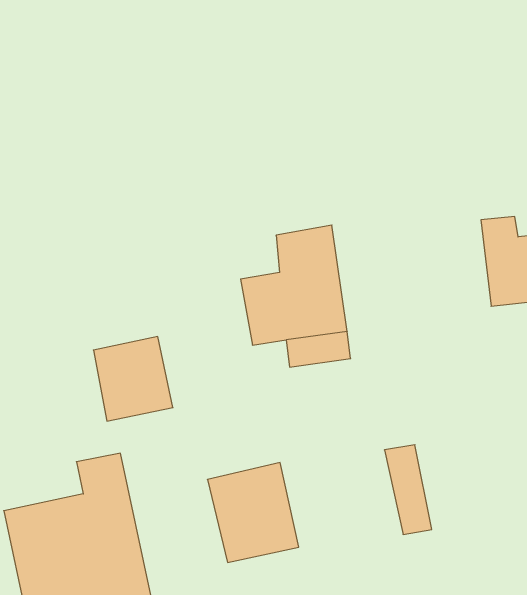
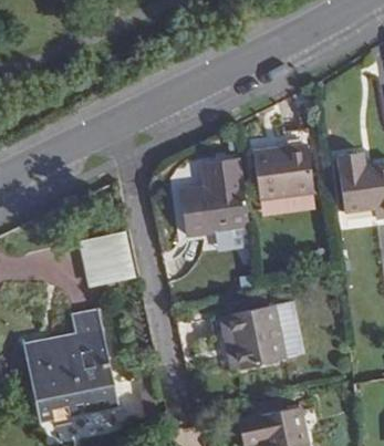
building: none -> [253,143,312,198]
building: [207,463,299,562] -> [226,304,286,370]

